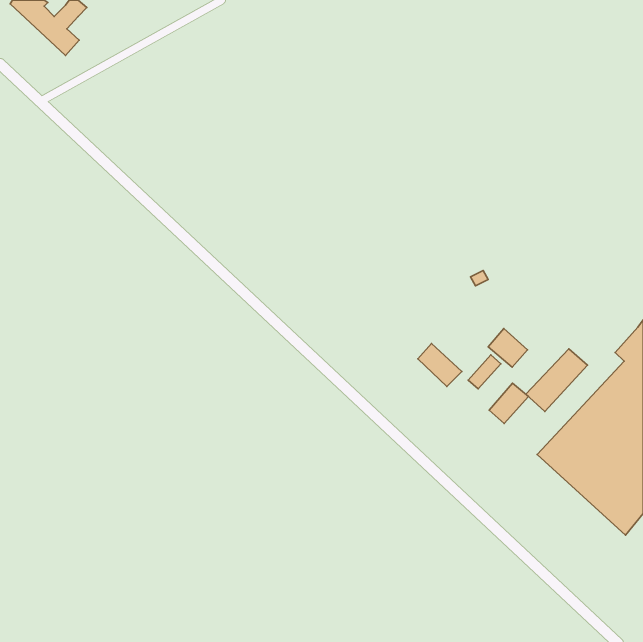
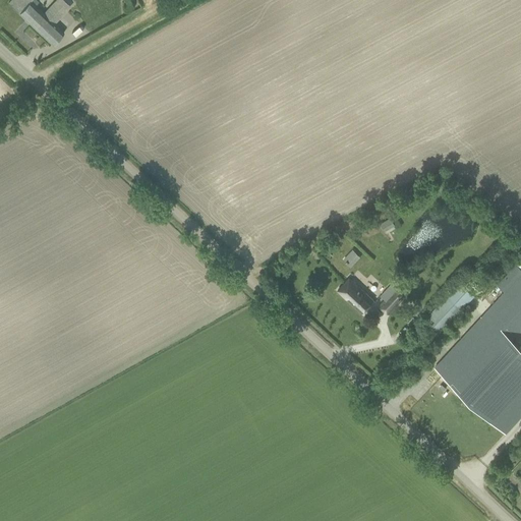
building: [488,329,527,367] -> none
building: [489,383,529,424] -> none

